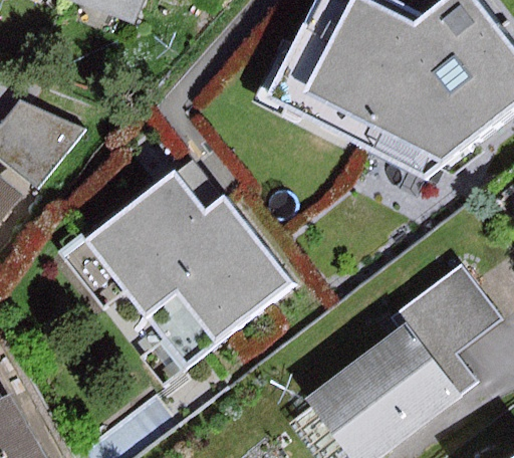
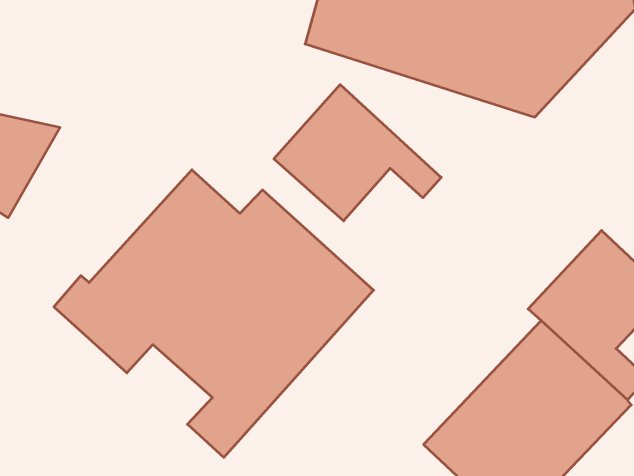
building: none -> [274,85,441,221]

